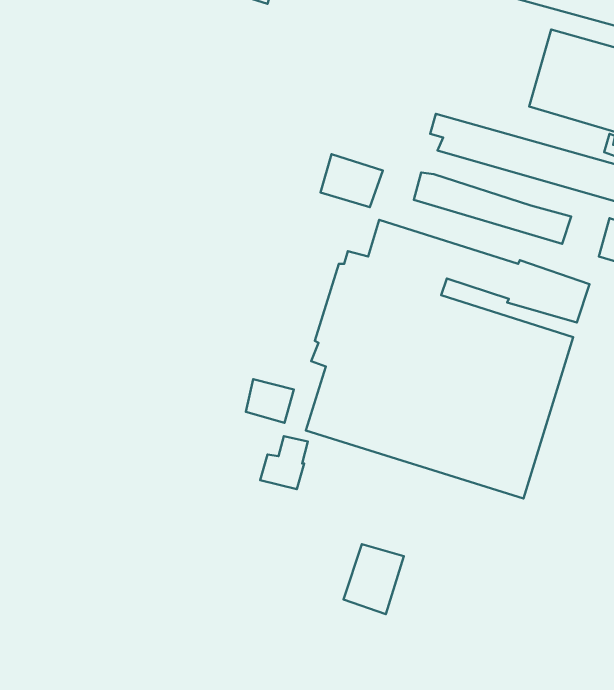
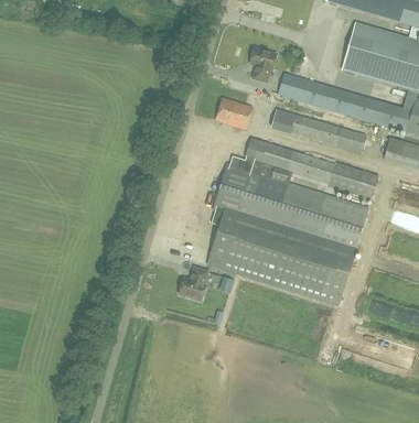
building: none -> [250,46,277,80]
building: [246,379,294,423] -> none
building: [343,544,404,614] -> none

